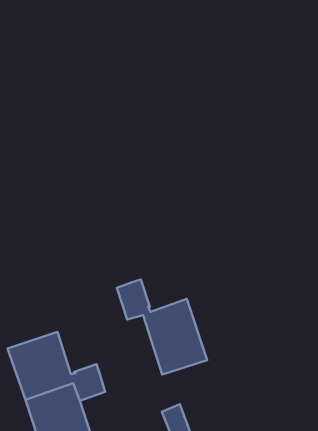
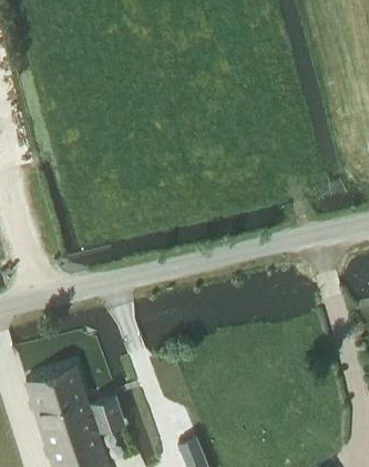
building: [117,279,207,374] -> none

